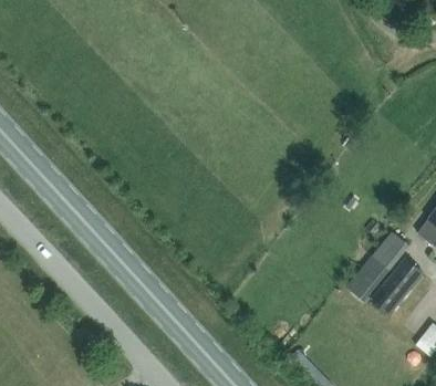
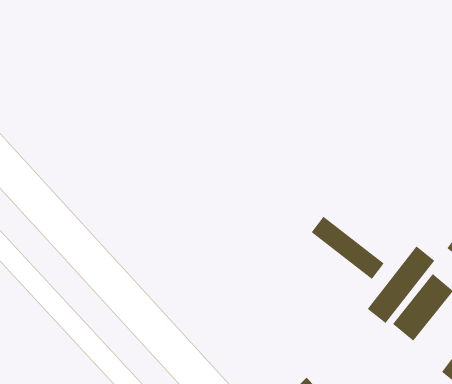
building: none -> [311,216,385,280]

